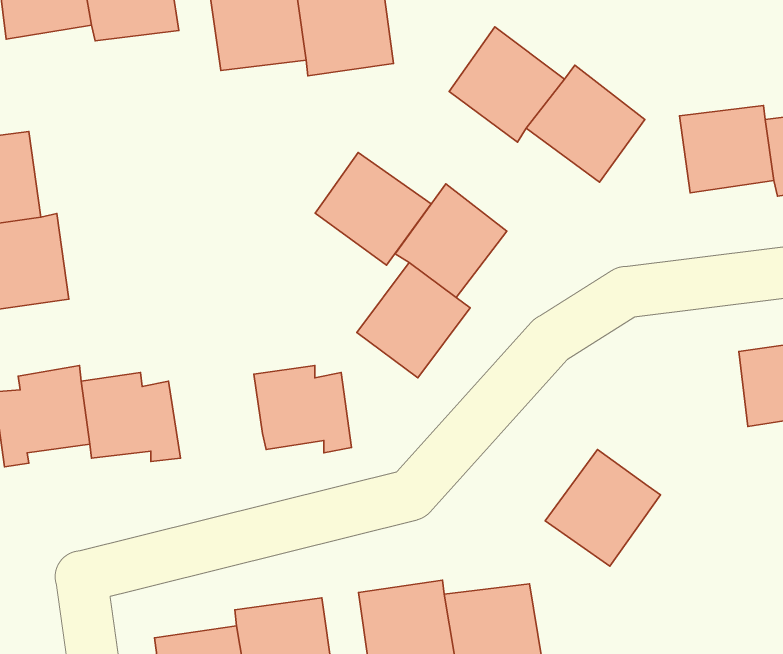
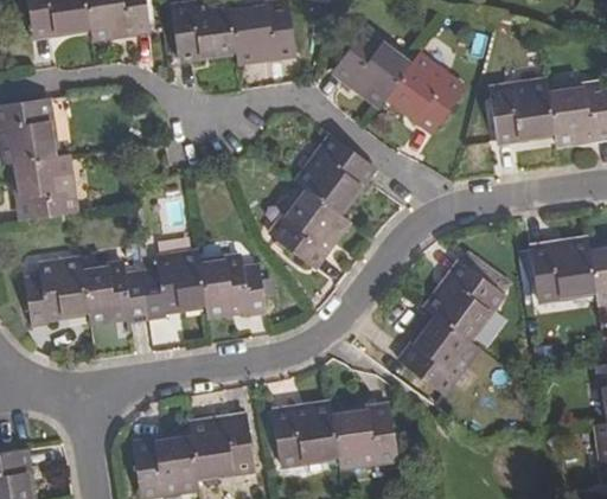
building: [315,153,431,265] -> none
building: none -> [142,252,206,321]
building: none -> [427,263,503,340]

